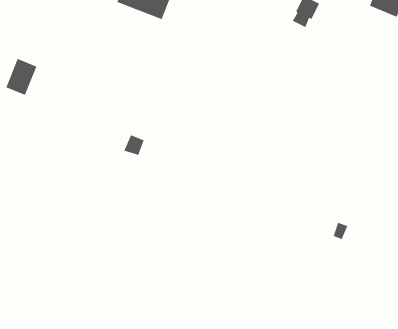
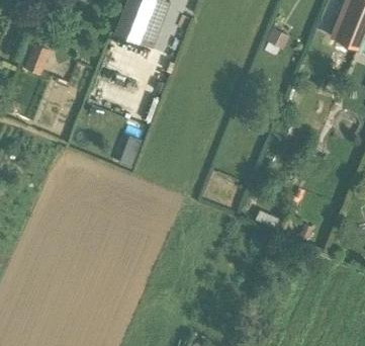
building: [5,58,37,96] -> [23,44,51,76]

